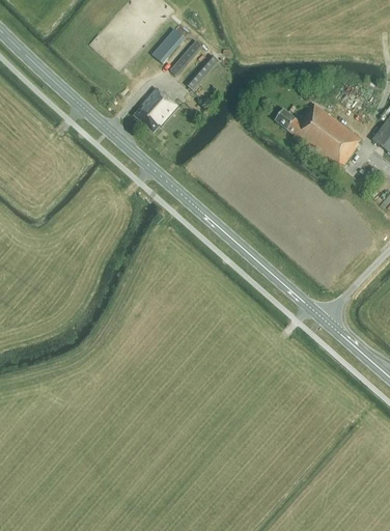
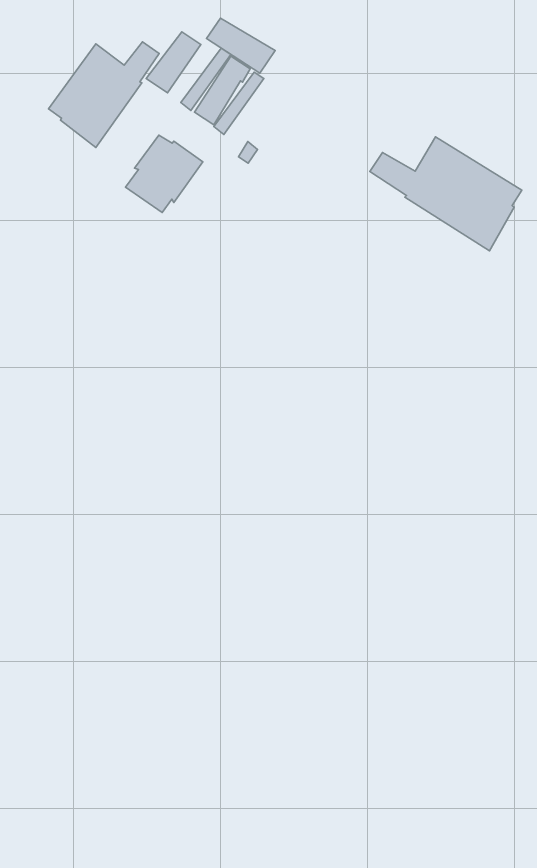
building: none -> [206,18,275,73]
building: none -> [48,42,159,148]

